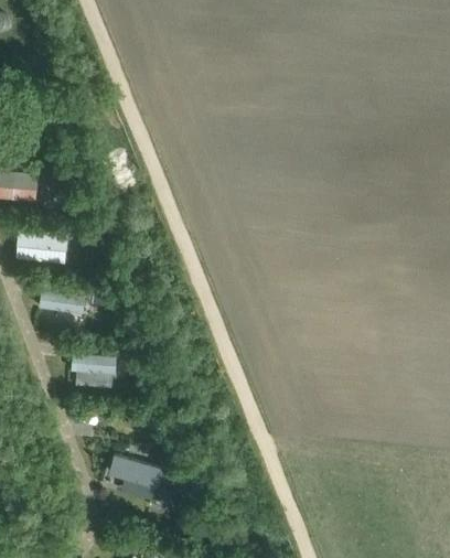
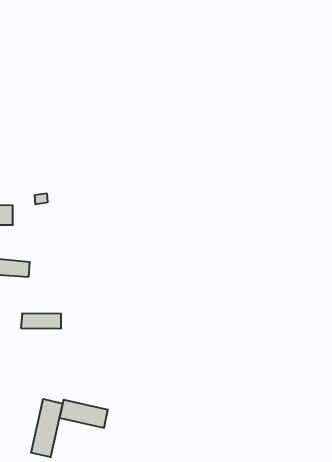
building: none -> [31,399,63,457]

